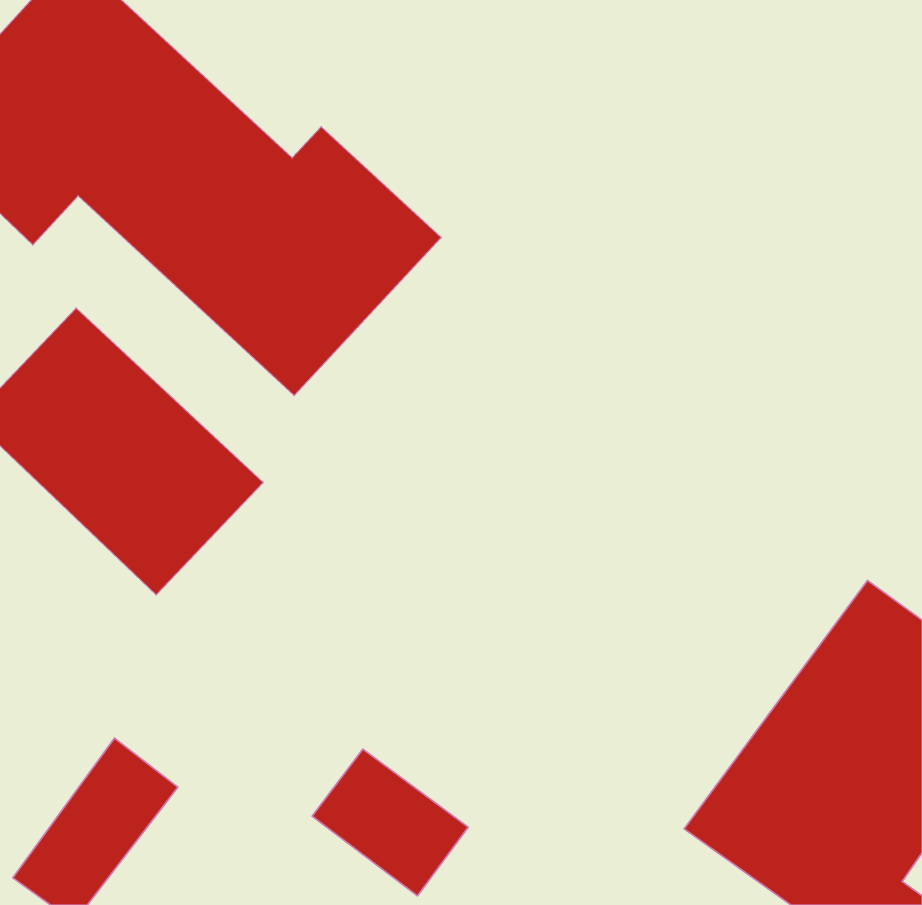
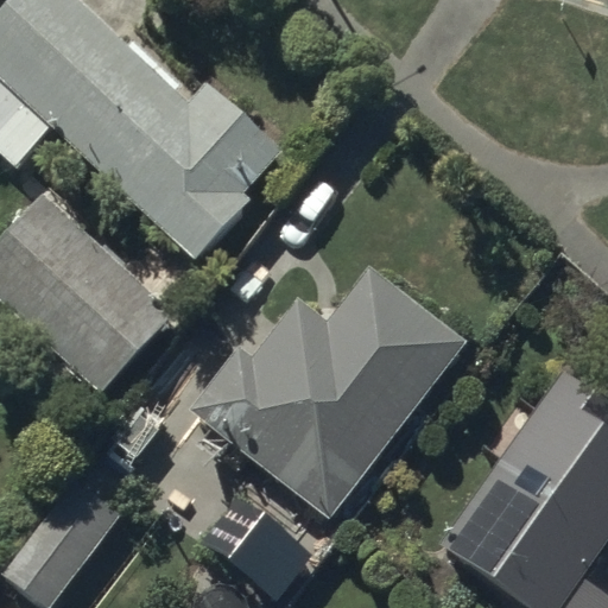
building: none -> [207,284,457,507]

